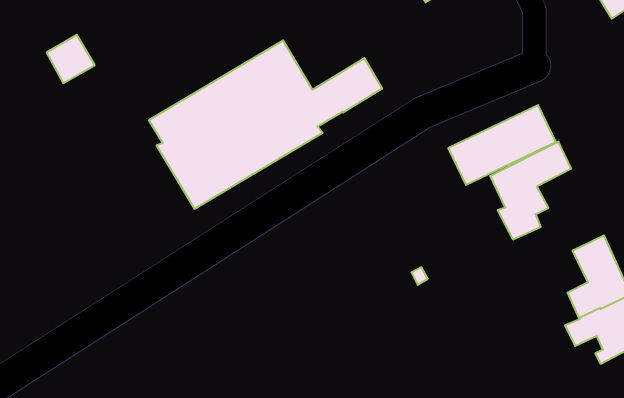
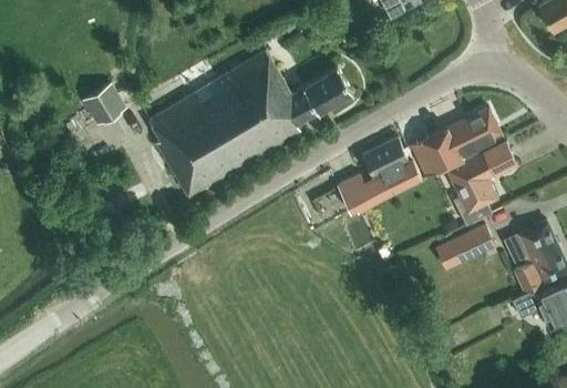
building: [47,35,95,83] -> [83,84,125,126]
building: none -> [337,139,421,211]
building: none -> [436,226,494,268]

